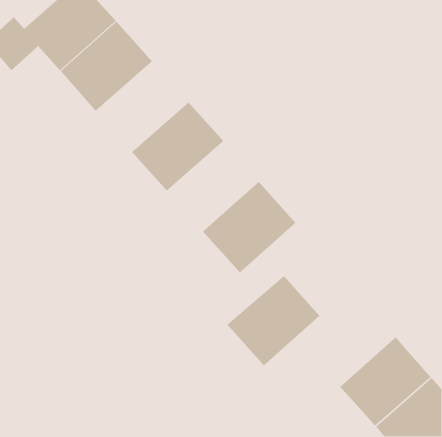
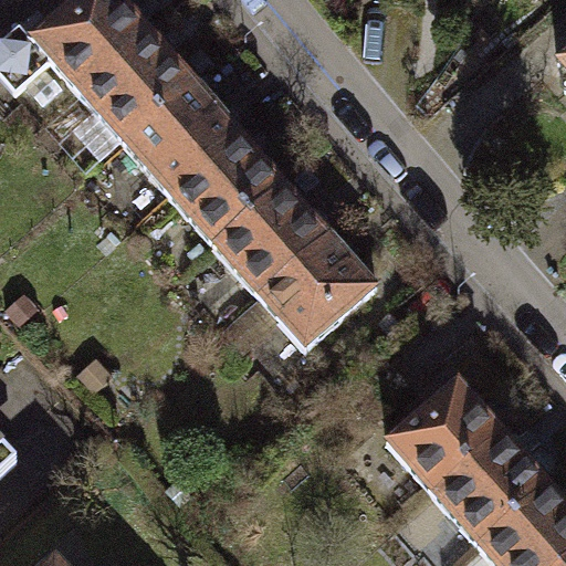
building: none -> [122,78,240,193]
building: none -> [212,180,329,295]
building: [227,275,320,366] -> [385,377,504,493]

